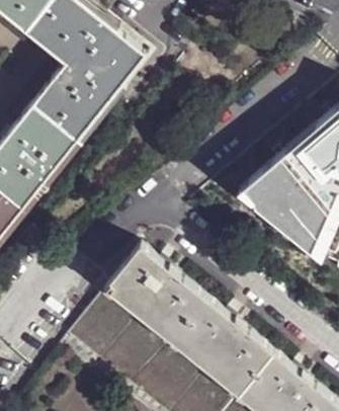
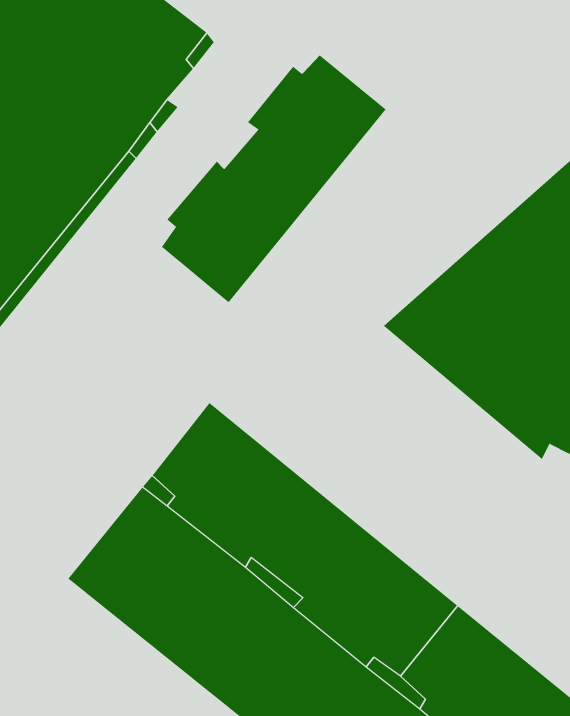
building: none -> [161,54,386,303]

